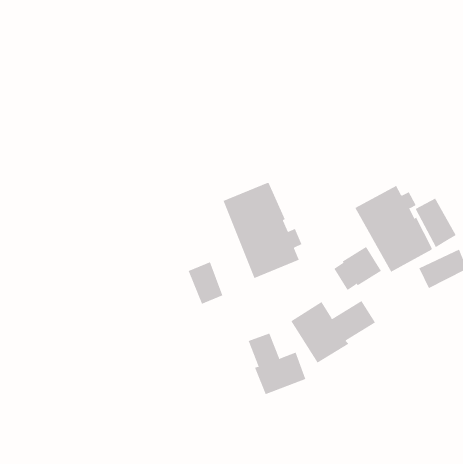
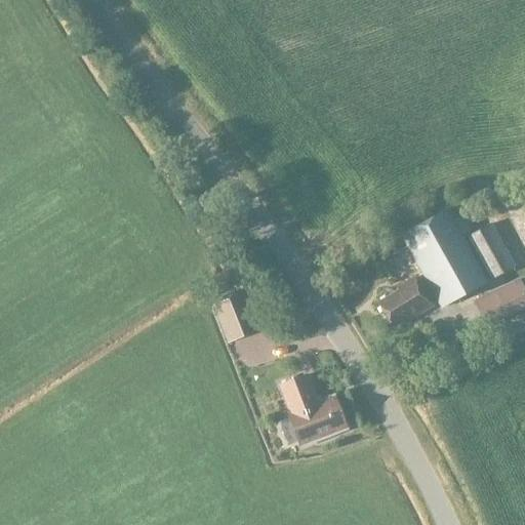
building: [223,182,302,279] -> none
building: [291,300,376,363] -> none

